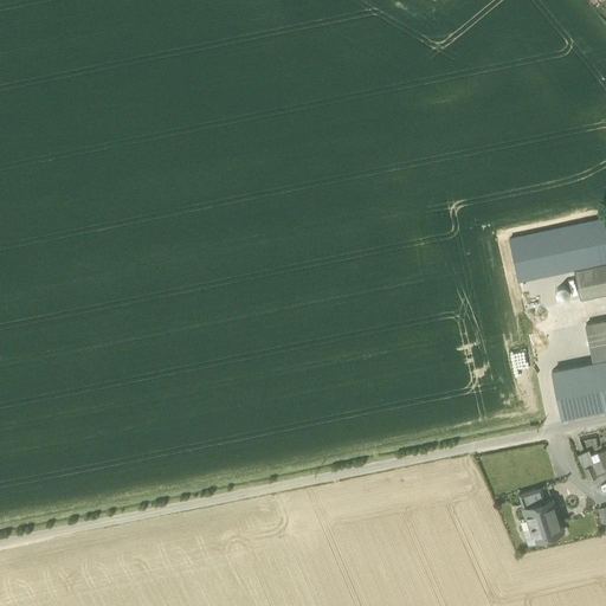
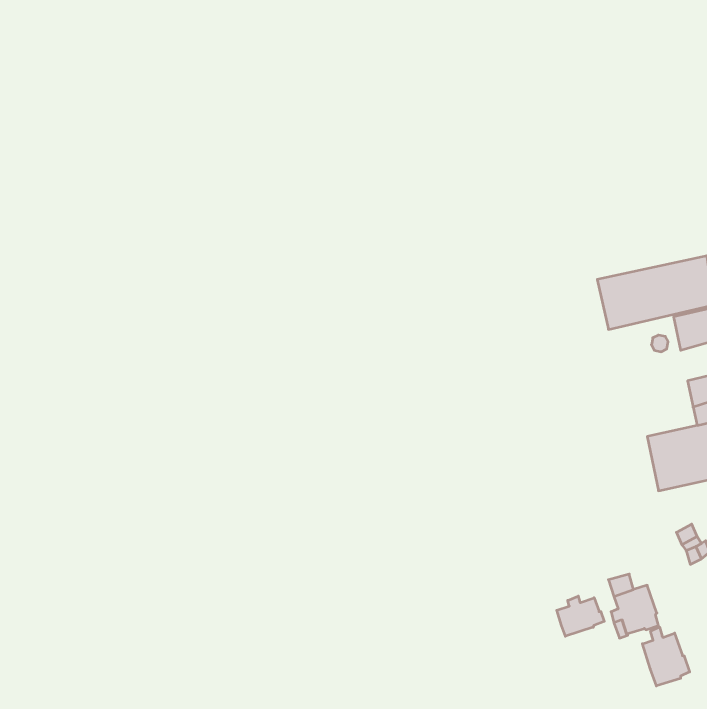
building: none -> [557,596,604,636]
building: none -> [642,627,690,686]

